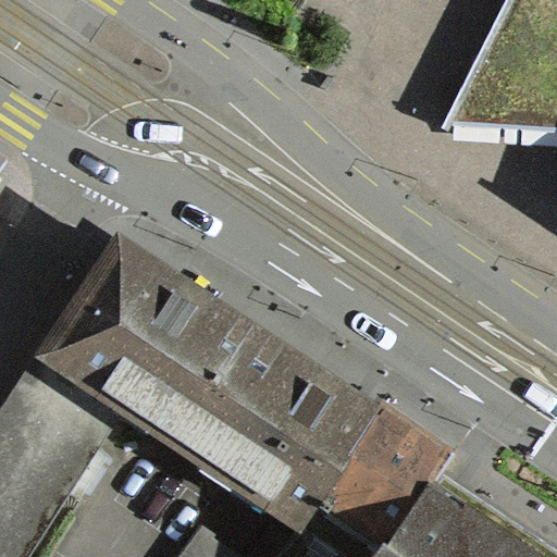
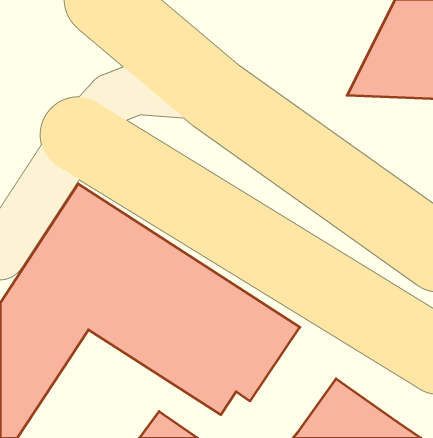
building: [324,409,451,548] -> none

